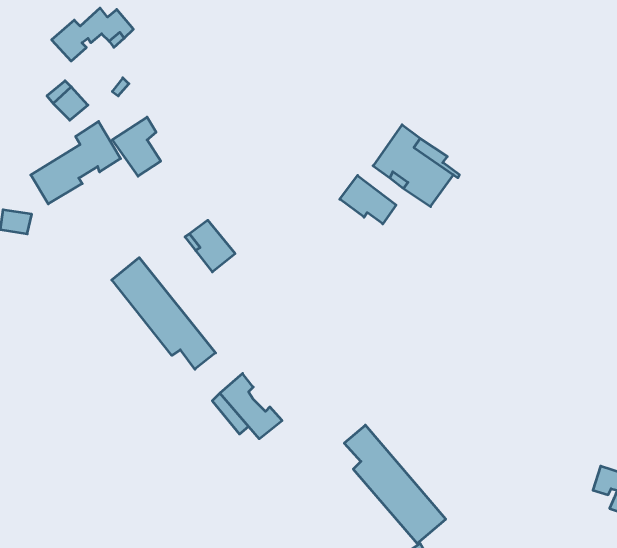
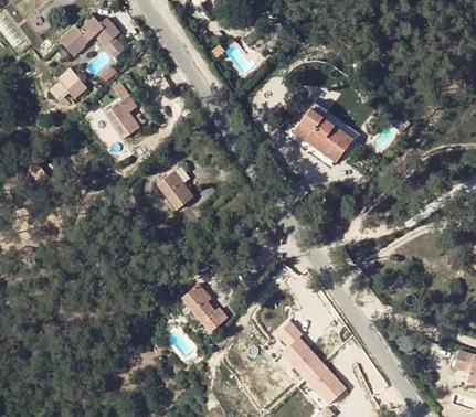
building: [31,121,121,204] -> none
building: [340,175,396,224] -> none
building: [112,258,216,369] -> none

